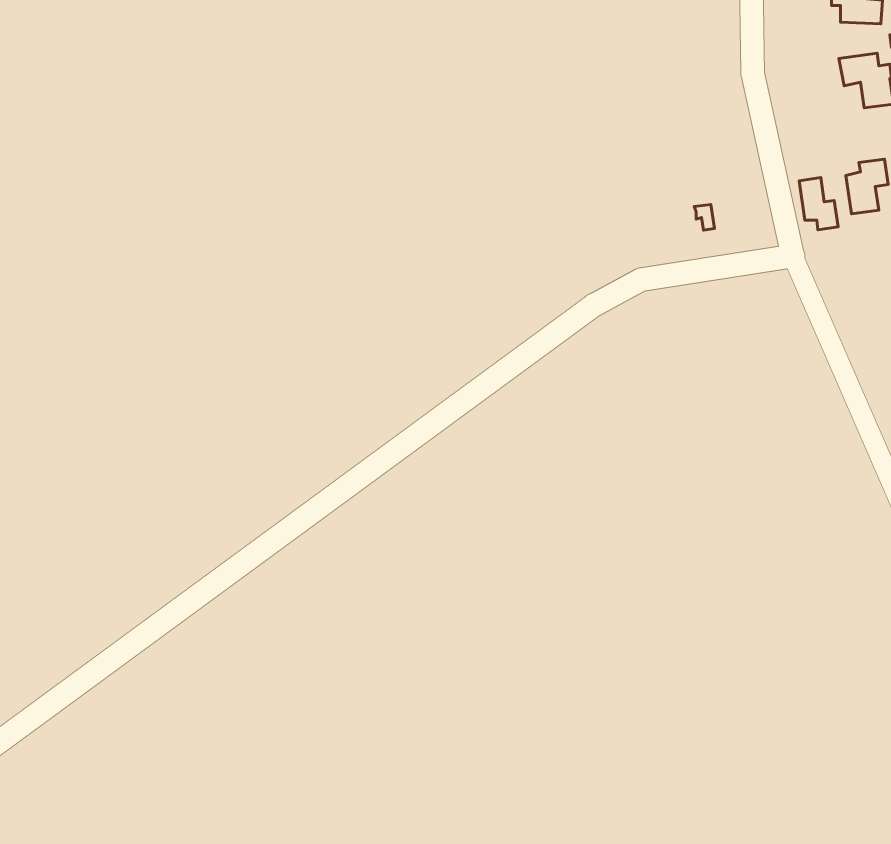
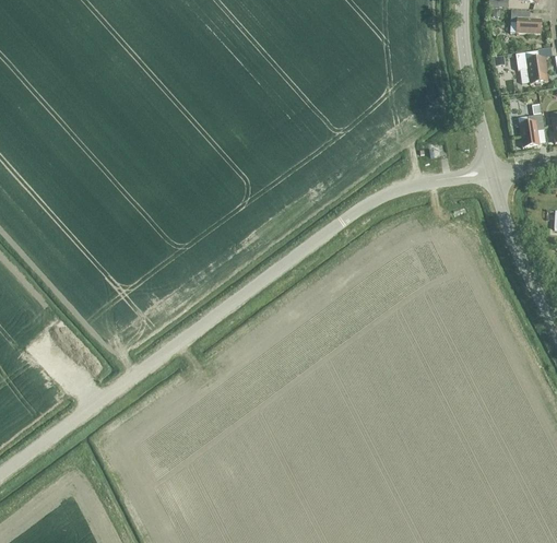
building: [799,177,838,230] -> none

